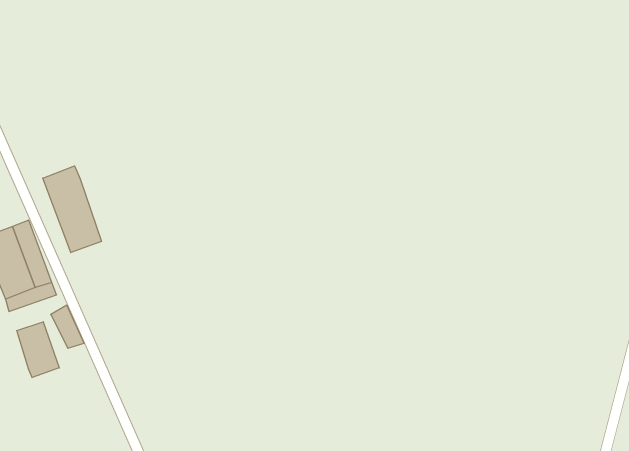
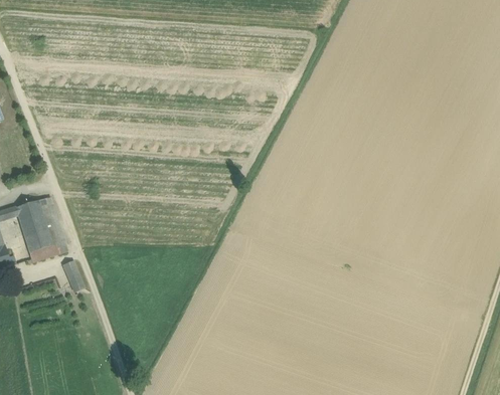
building: [43,166,101,253] -> none
building: [17,322,59,378] -> none

